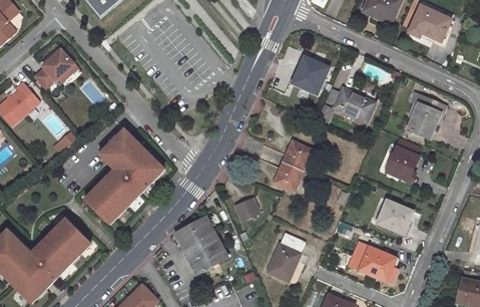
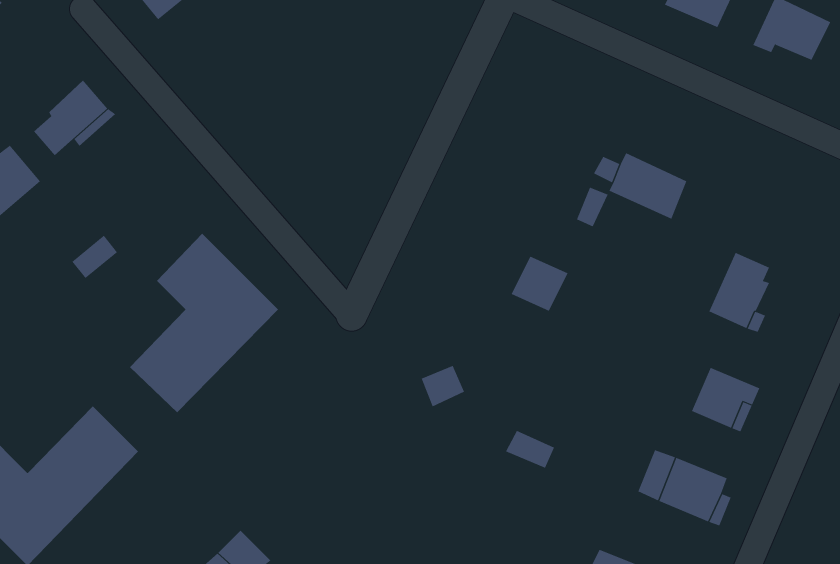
building: [292,55,330,93] -> none
building: [408,94,446,137] -> none
building: [274,161,303,191] -> none
building: [174,216,227,274] -> none
building: [268,243,301,280] -> none

